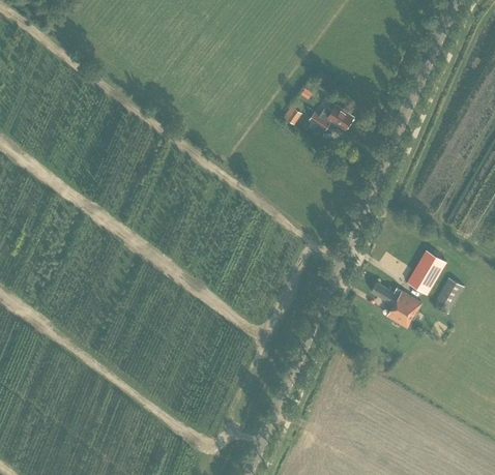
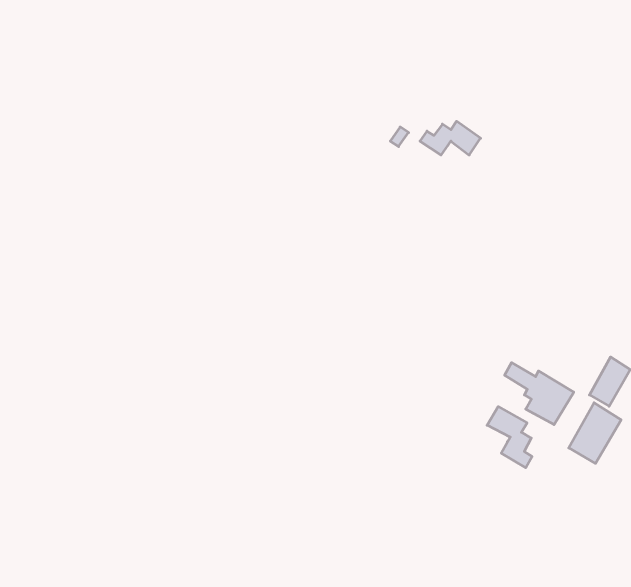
building: [407,250,445,295] -> [569,403,621,463]
building: none -> [487,407,532,468]

